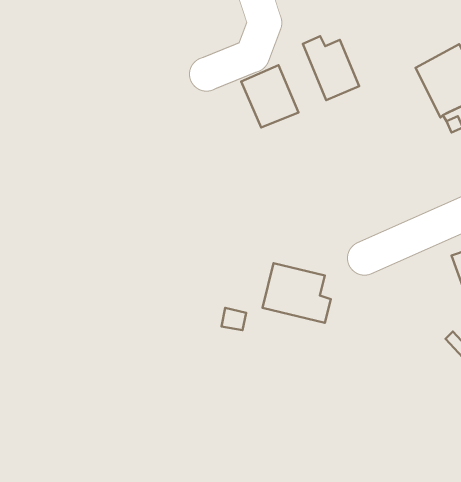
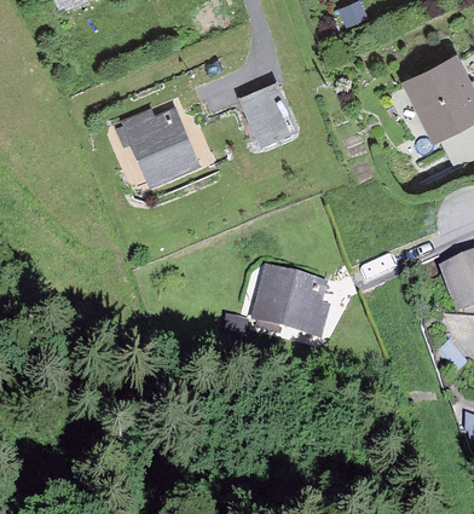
building: [303,36,359,100] -> none
building: none -> [131,111,191,173]

